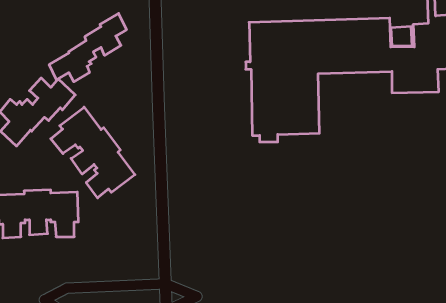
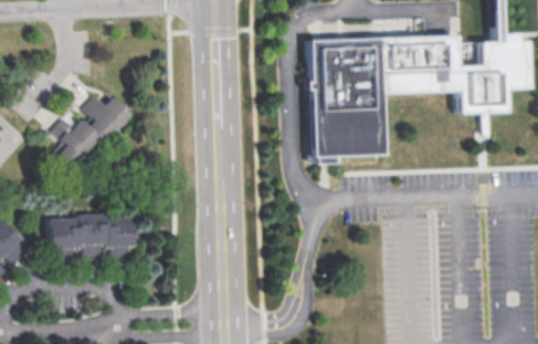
building: [49,13,126,82] -> none
building: [51,107,135,198] -> none

